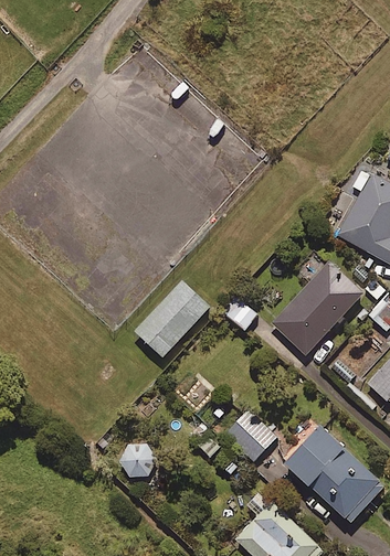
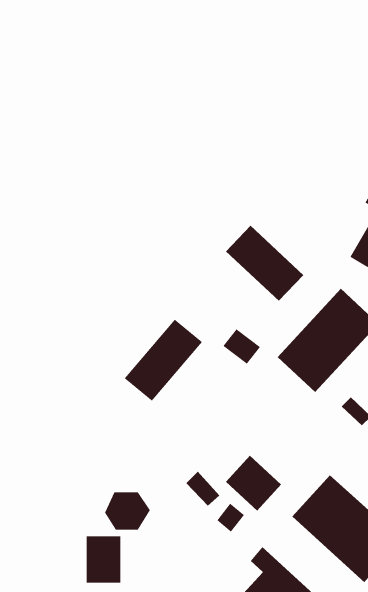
building: none -> [225,225,304,302]
building: none -> [86,535,121,583]

